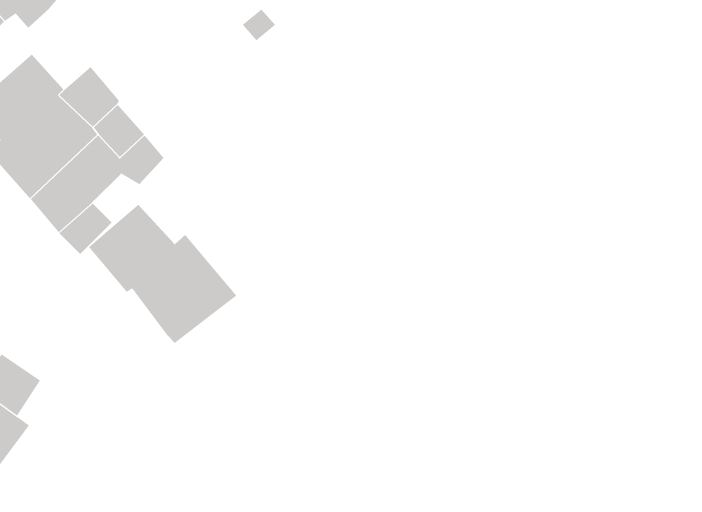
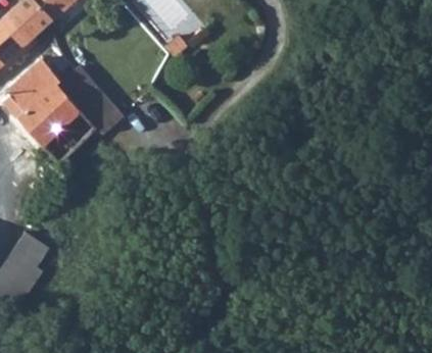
building: [88,204,237,344] -> none

